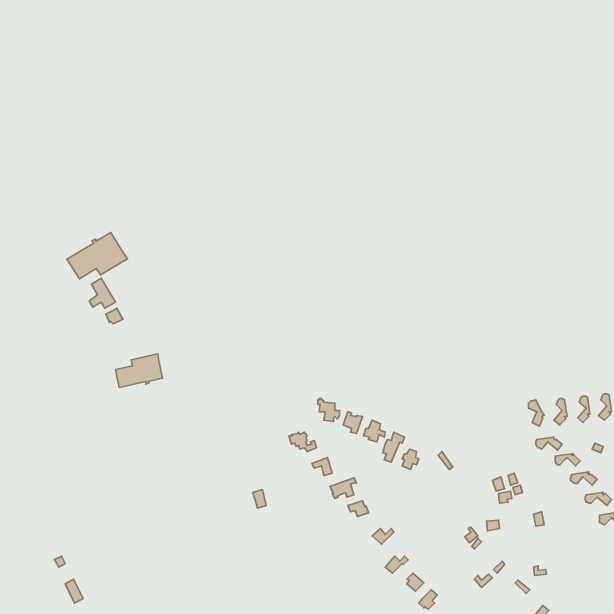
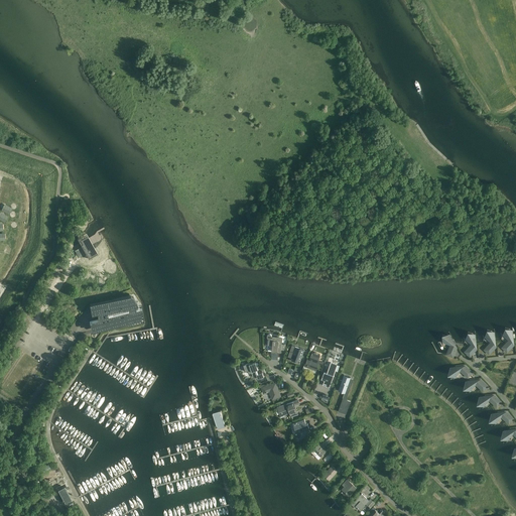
building: [67,233,127,279] -> none

